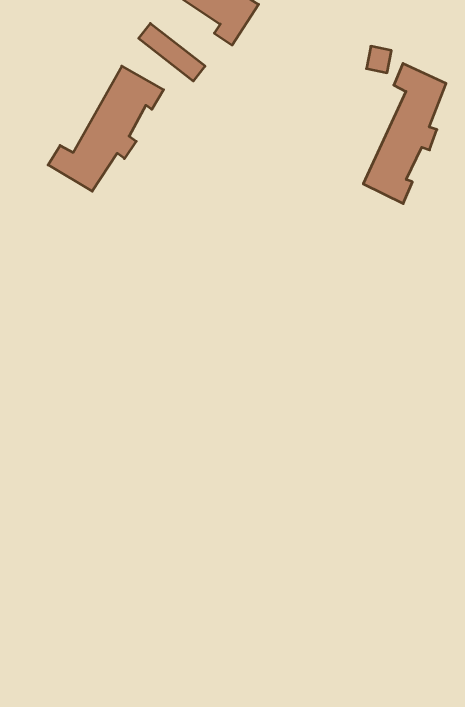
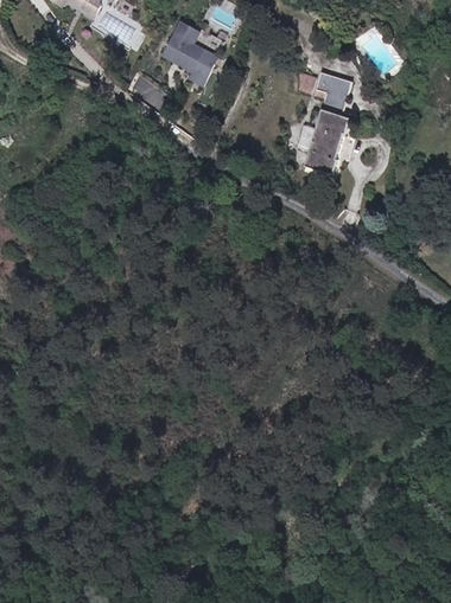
building: [48,66,164,191] -> none

